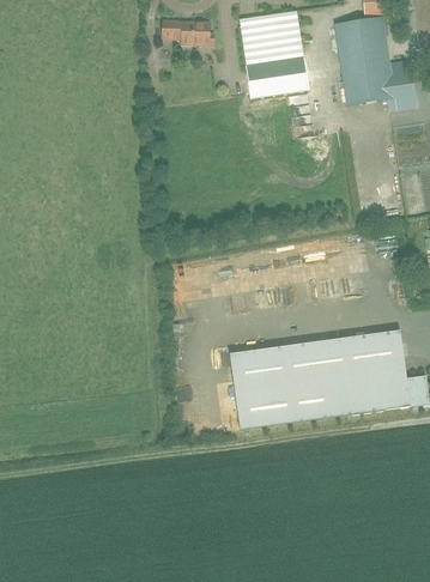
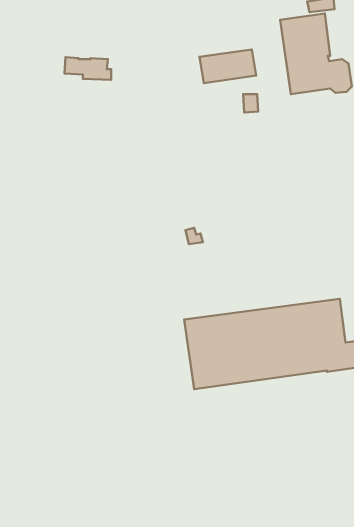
building: [240,8,303,63] -> none
building: [162,19,213,44] -> [64,57,111,80]

